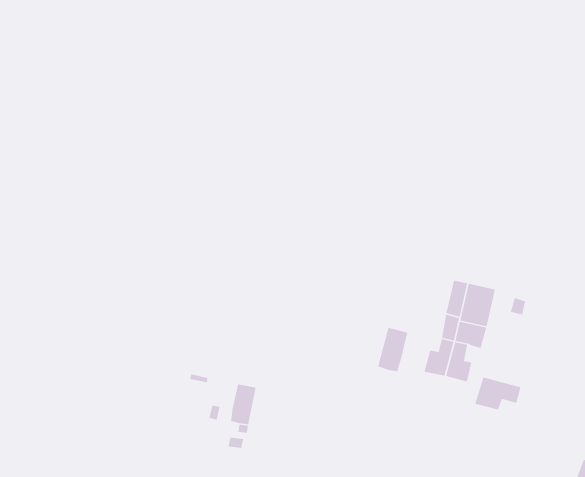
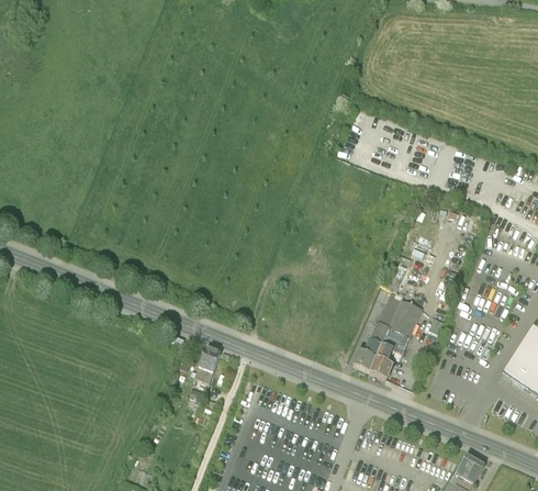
building: [377,327,408,372] -> none
building: [474,377,522,410] -> none

